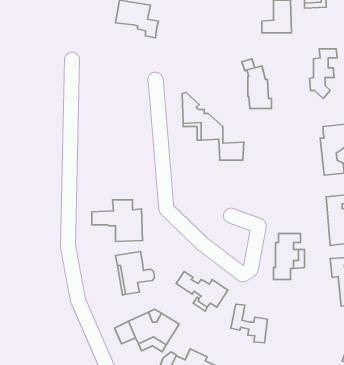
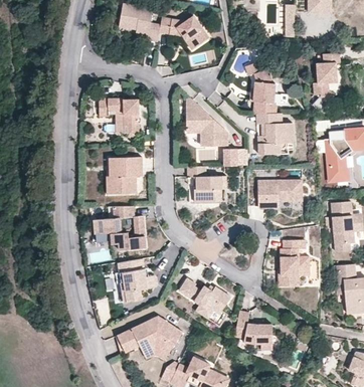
building: none -> [159,16,209,50]
building: none -> [99,96,139,131]
building: none -> [255,113,292,155]
building: none -> [109,157,142,194]
building: none -> [186,166,220,201]
building: none -> [257,179,303,208]

